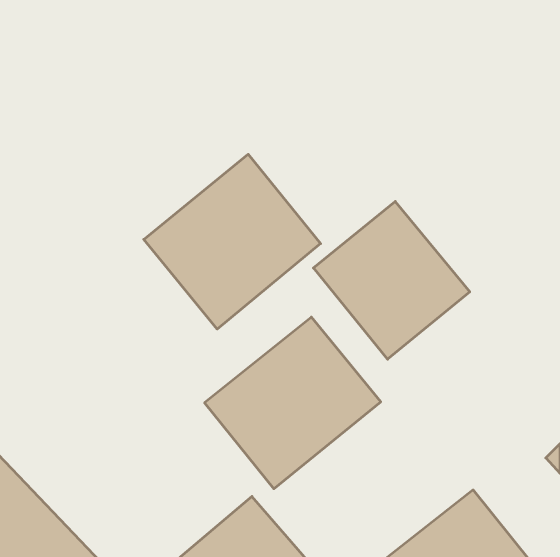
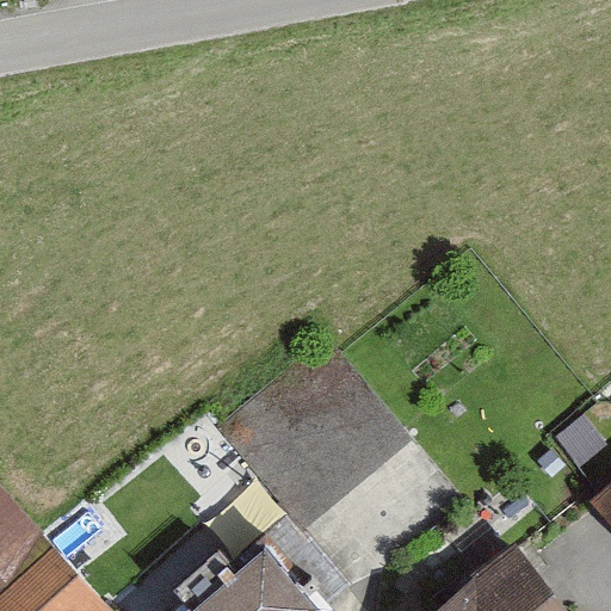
building: [144,154,321,329] -> none
building: [313,201,470,359] -> none

